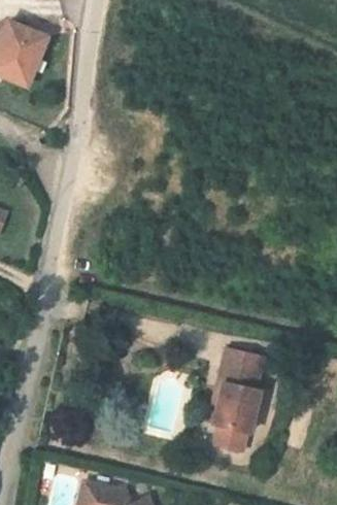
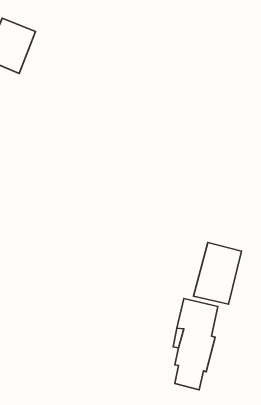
building: none -> [194,243,242,304]

